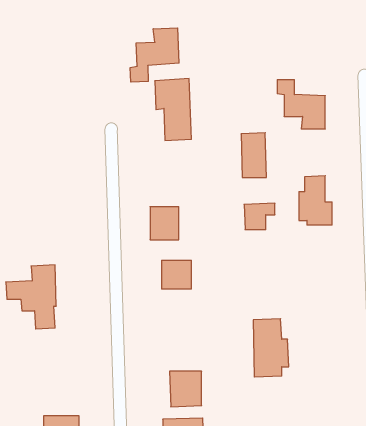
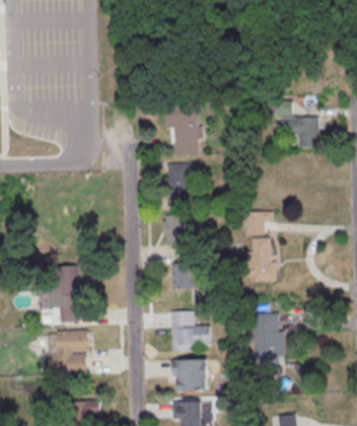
building: [130,28,179,82] -> none
building: [241,133,266,177] -> [167,162,190,202]
building: [299,176,332,225] -> [247,237,277,281]
building: none -> [171,310,211,351]
building: none -> [49,331,88,373]

